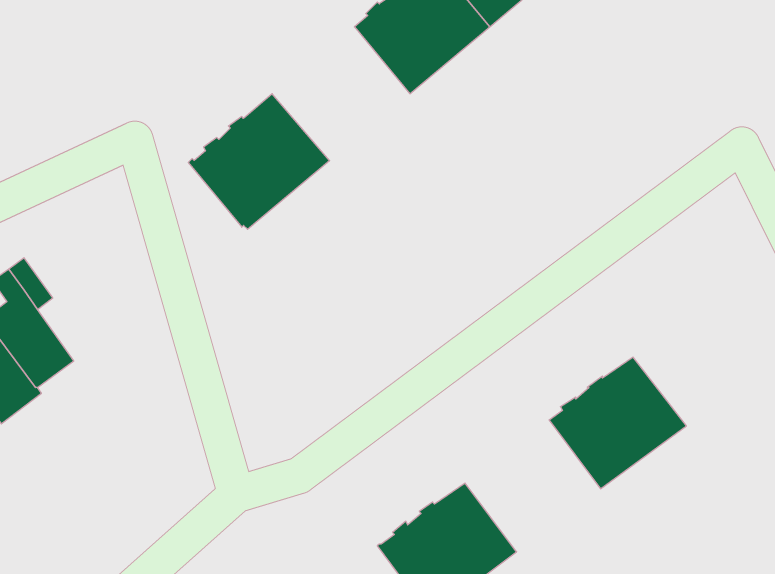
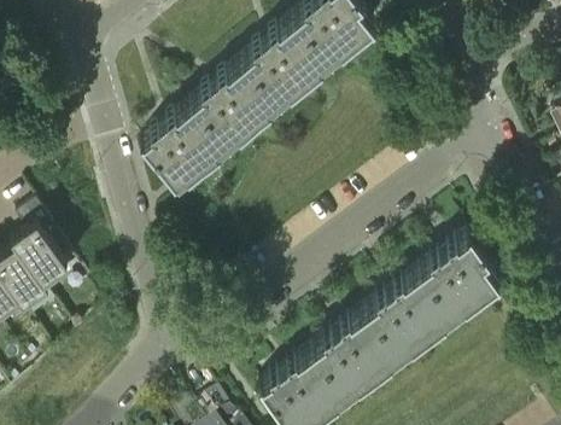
building: none -> [194,57,281,141]
building: none -> [422,229,499,309]
building: none -> [316,305,402,389]

